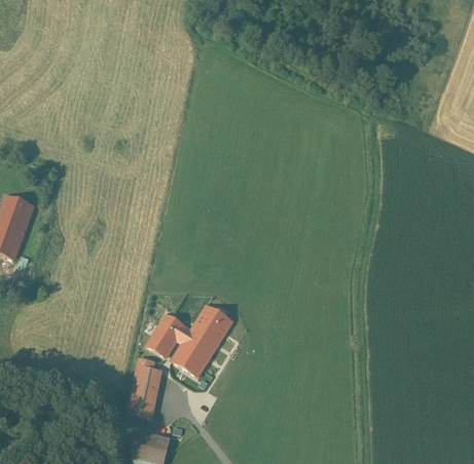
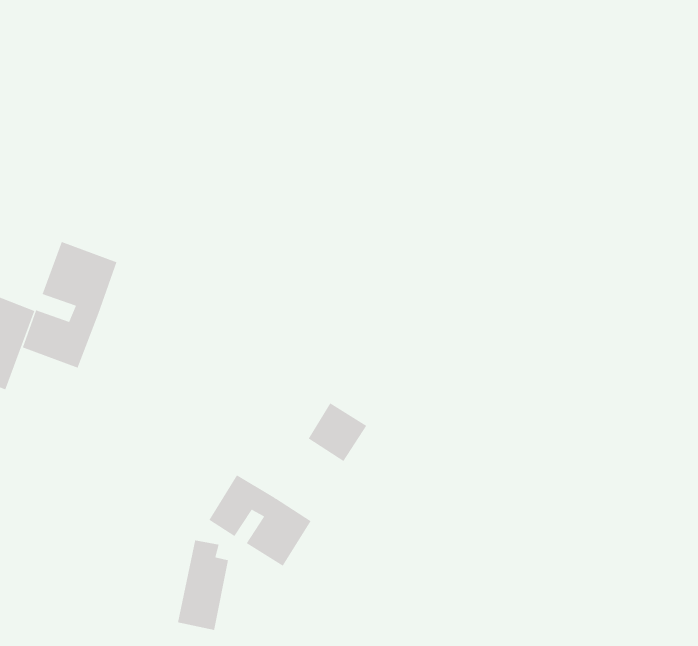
building: none -> [22,241,117,368]
building: [191,306,230,345] -> [308,403,367,462]

